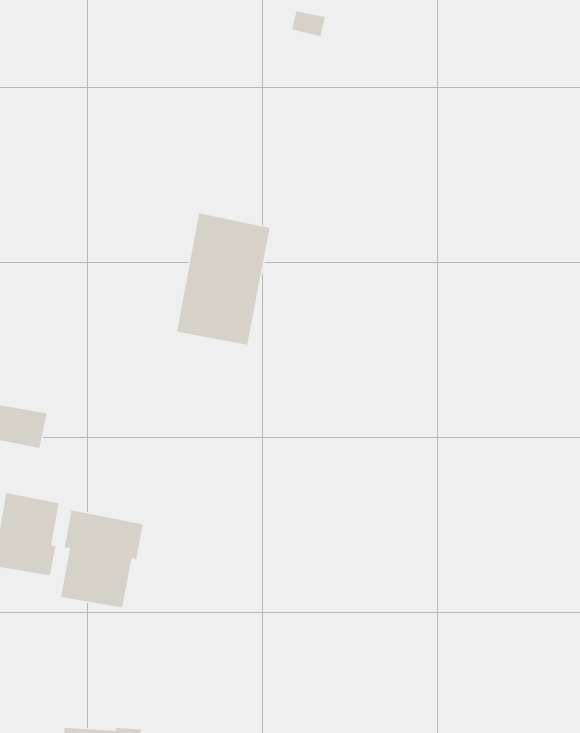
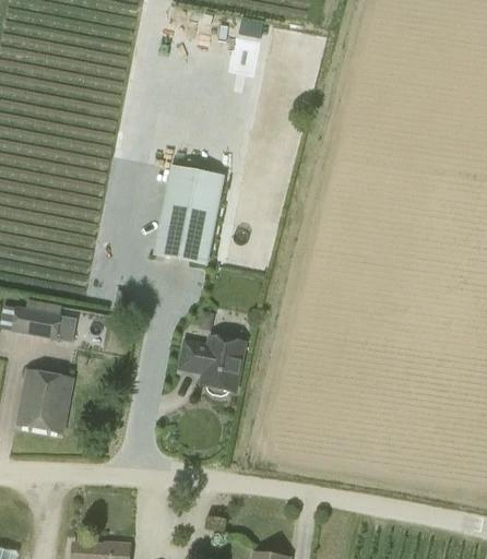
building: none -> [180,336,246,395]
building: [60,509,143,608] -> none

